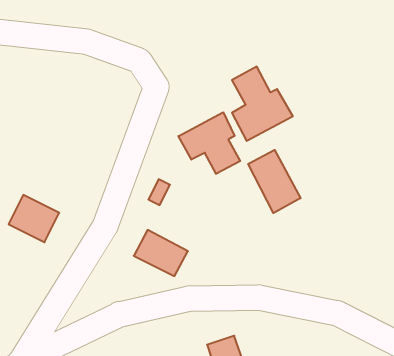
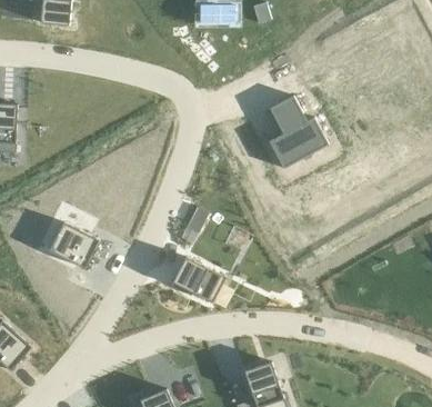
building: [178,112,240,174] -> none
building: [248,150,301,213] -> none

